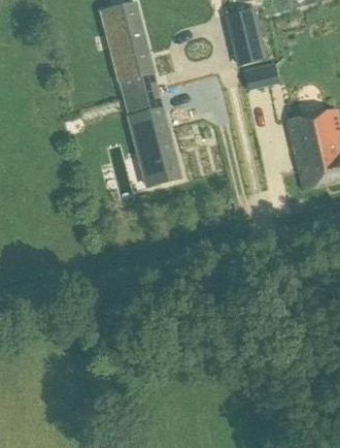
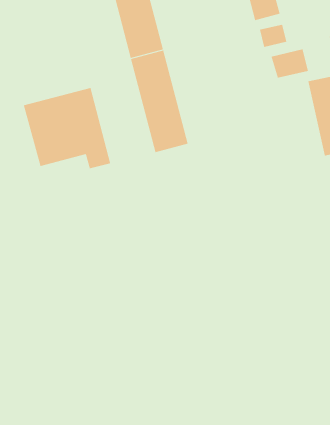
building: none -> [271,49,308,79]
building: none -> [23,87,111,169]

